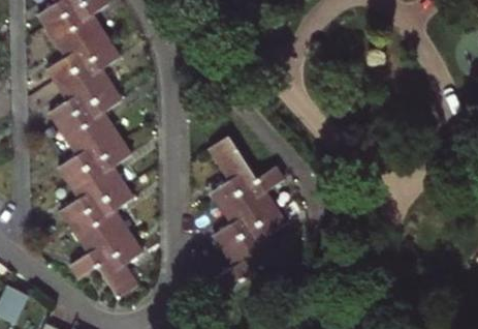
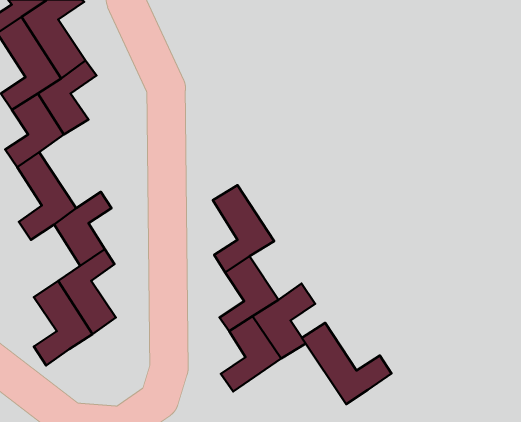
building: [75,91,122,158] -> none
building: [63,171,106,226] -> none
building: [234,171,279,228] -> none
building: [98,241,142,297] -> none
building: none -> [302,323,392,404]

